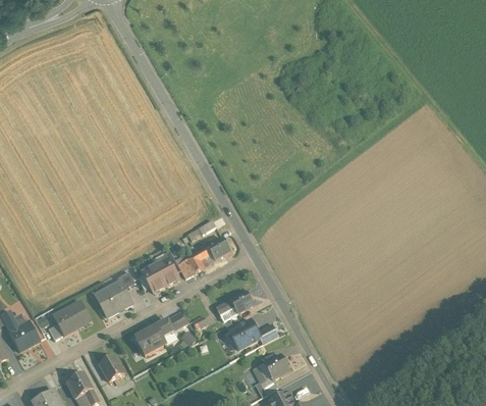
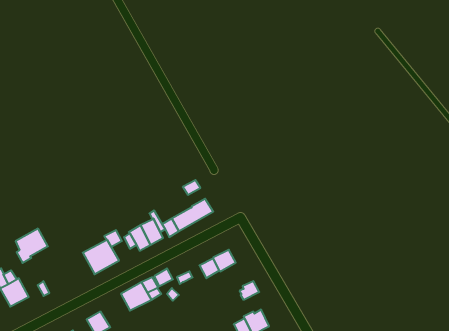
building: [57,300,91,336] -> [16,229,48,263]
building: [229,320,261,350] -> none

